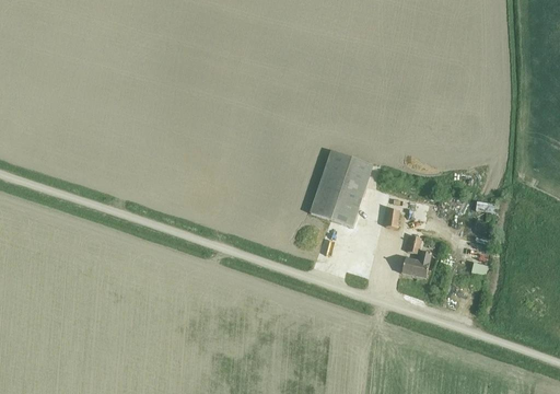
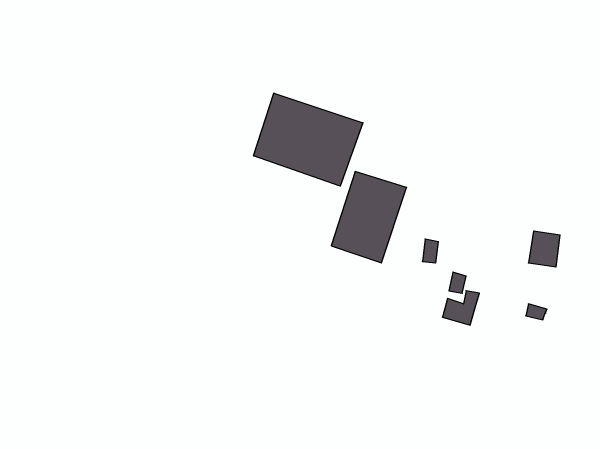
building: none -> [254,93,363,186]

